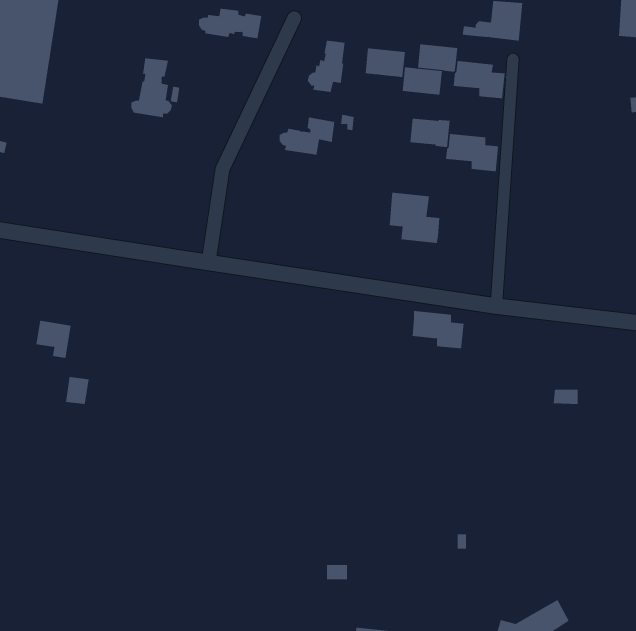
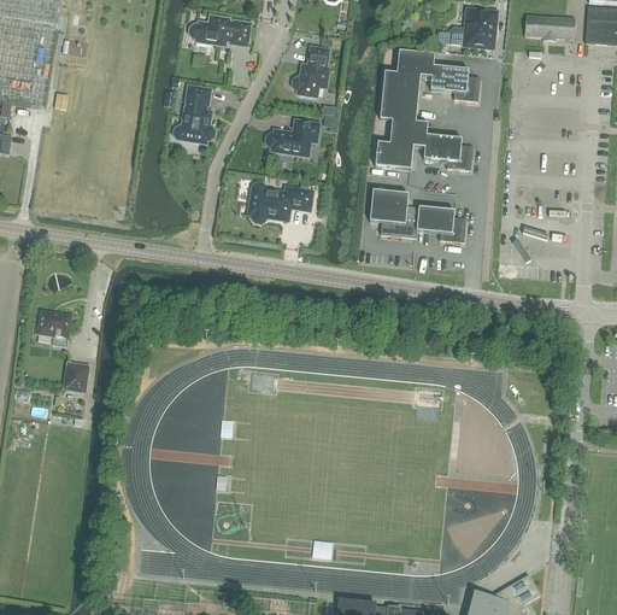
building: none -> [524,14,575,40]
building: [365,48,406,77] -> [380,94,418,122]
building: [131,58,173,118] -> [175,86,215,142]
building: none -> [375,141,413,169]
building: none -> [251,182,313,222]
building: [412,311,464,349] -> [417,206,466,242]

